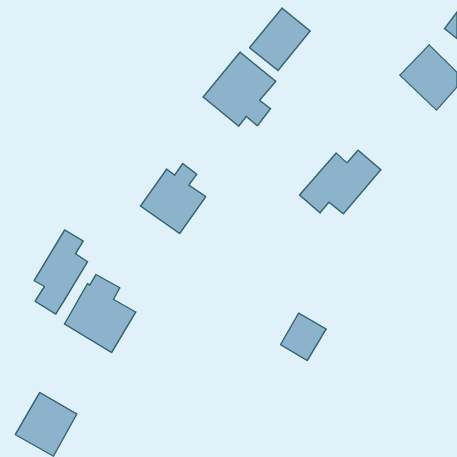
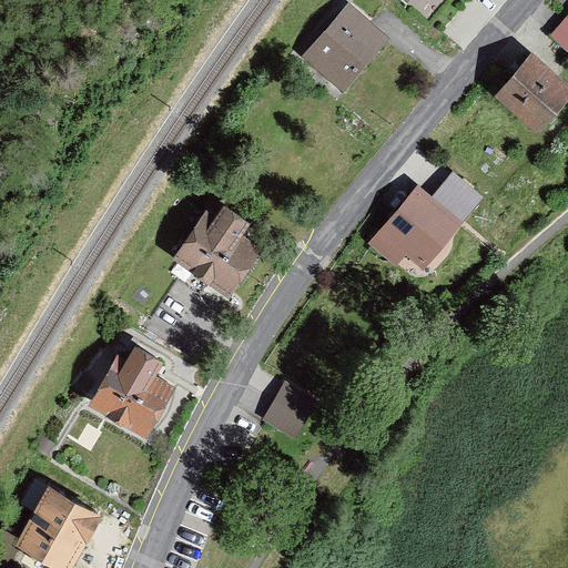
building: [203,52,276,126] -> none
building: [34,230,88,314] -> none
building: [281,313,326,361] -> [262,381,318,439]

